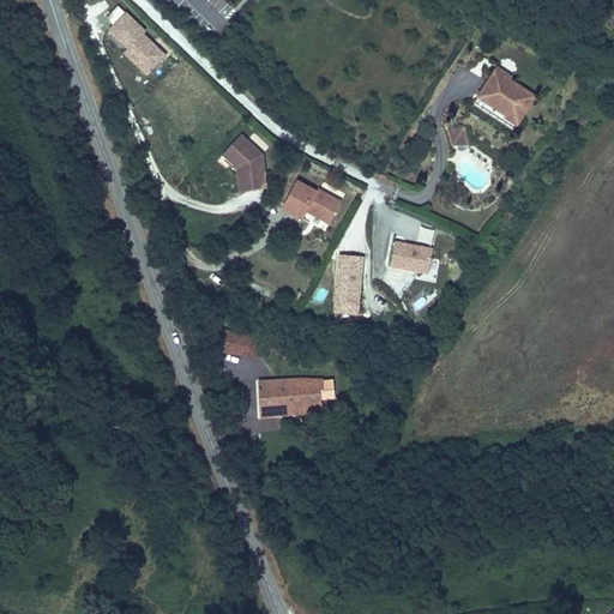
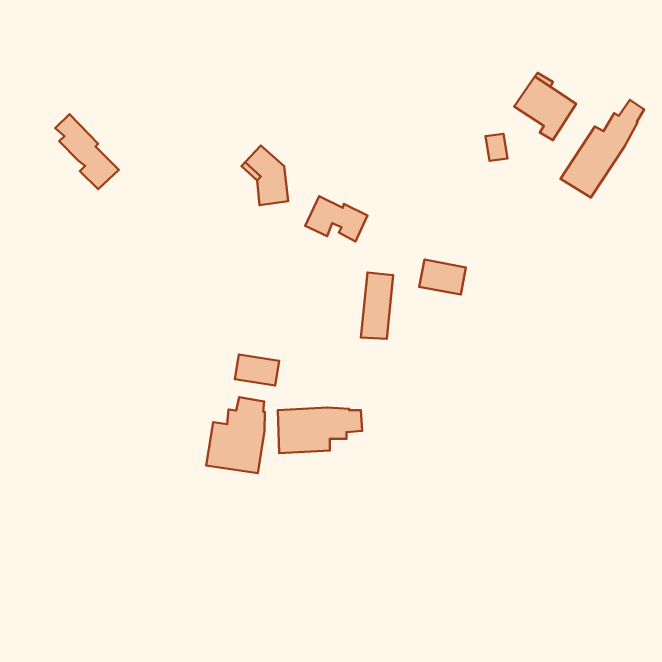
building: [110,10,169,79] -> [55,114,119,189]
building: none -> [560,100,644,197]
building: none -> [206,397,265,473]

